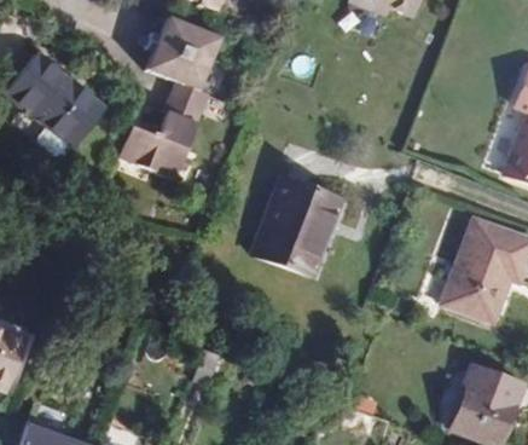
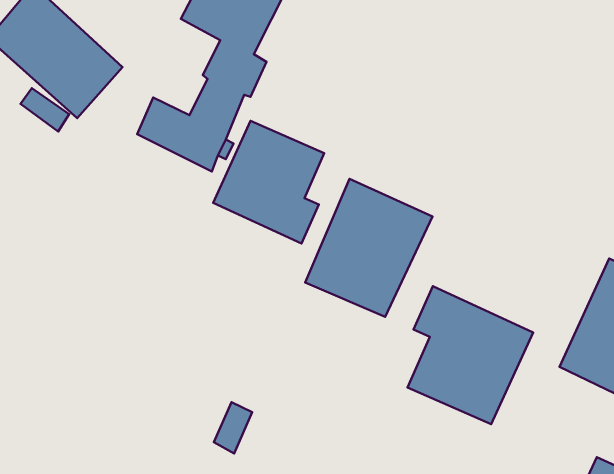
building: none -> [213,121,324,244]
building: none -> [408,286,533,424]

